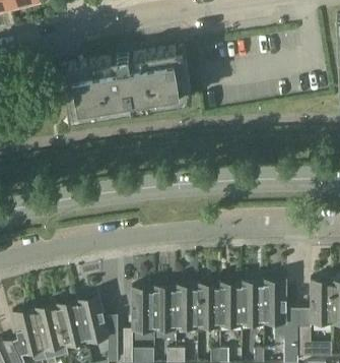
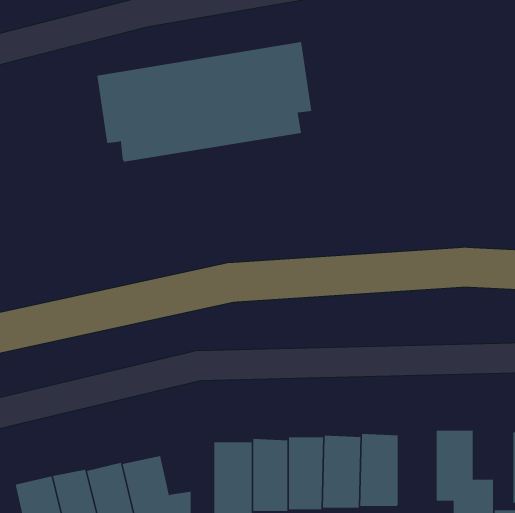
building: [242,283,264,325] -> none

